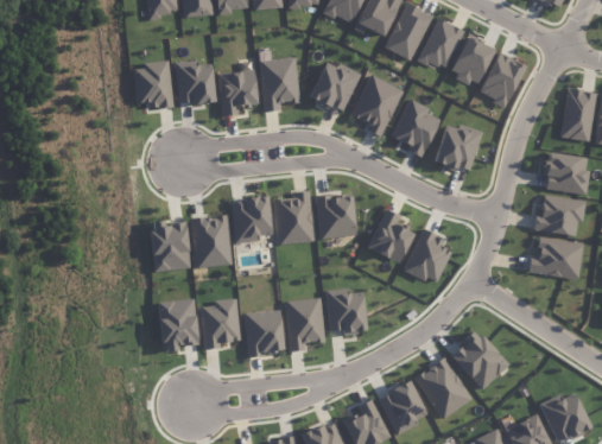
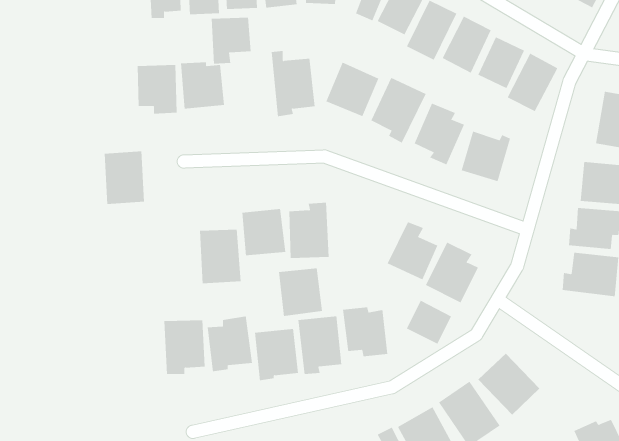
building: [220,71,258,115] -> [211,17,252,64]
building: [316,195,357,240] -> [278,268,323,316]
building: [152,221,190,271] -> [104,151,145,205]
building: none -> [406,300,452,344]

